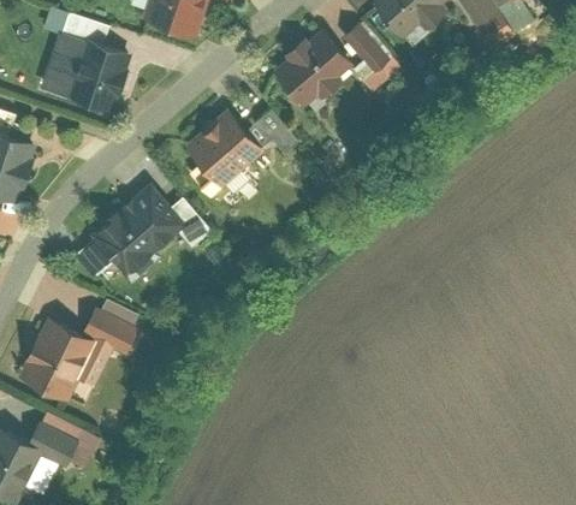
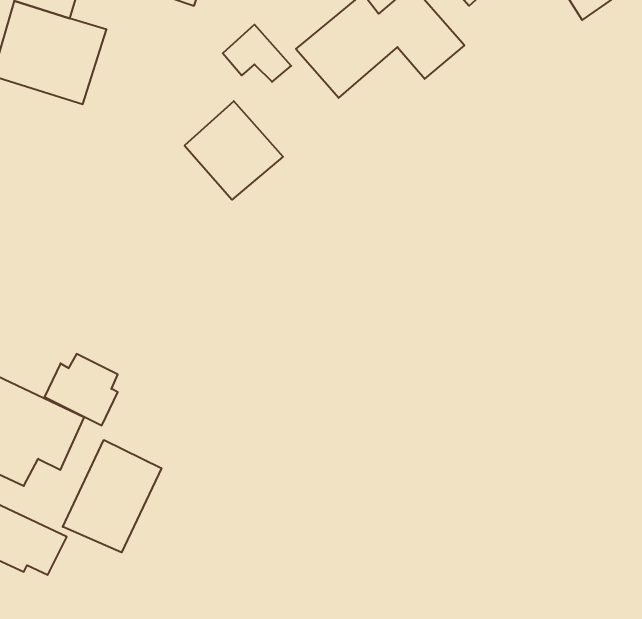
building: [245,109,297,153] -> [223,25,291,82]
building: [76,184,210,277] -> none
building: none -> [63,440,161,552]

